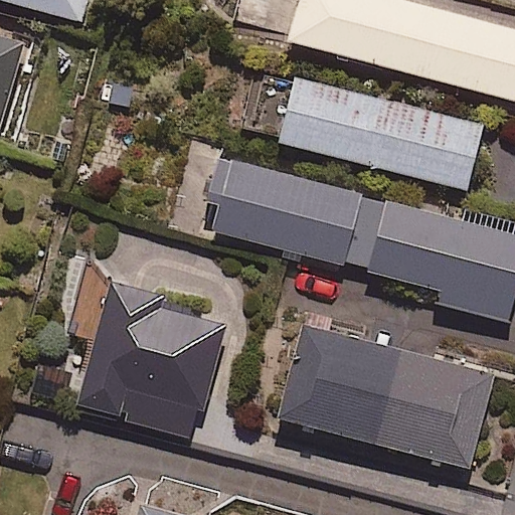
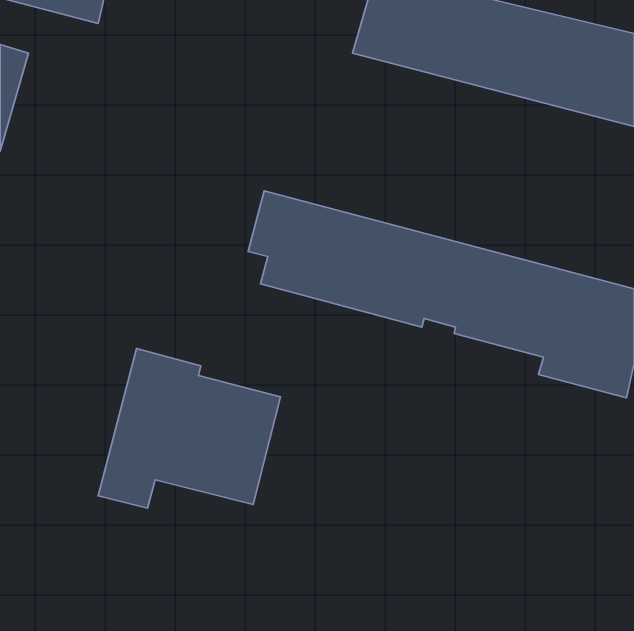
building: [279,75,485,190] -> none
building: [277,324,496,469] -> none

